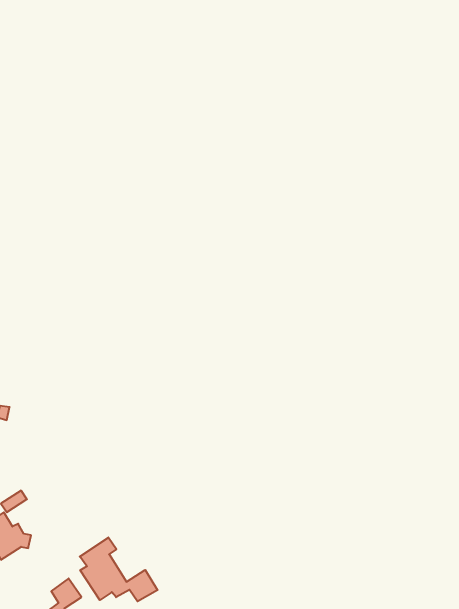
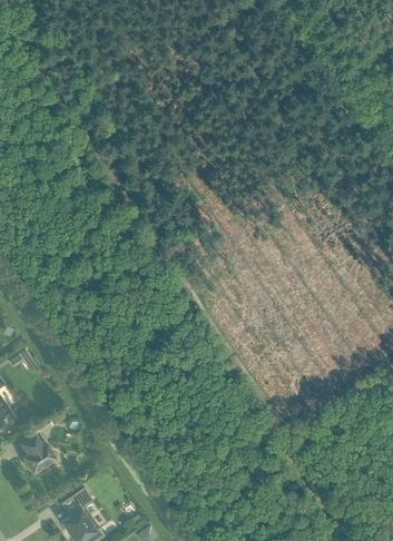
building: [80,537,158,601] -> none

